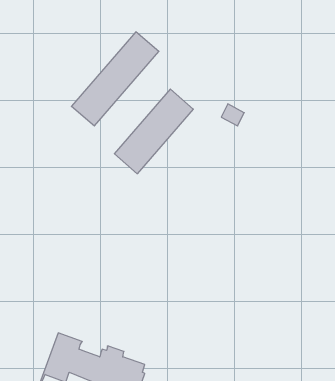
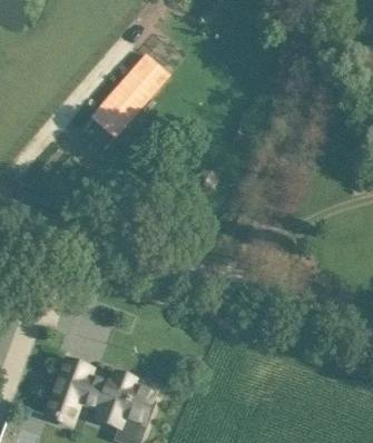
building: [114,89,193,174] -> none

